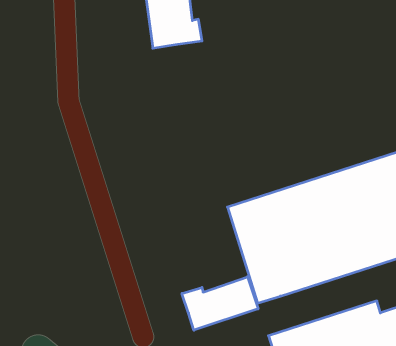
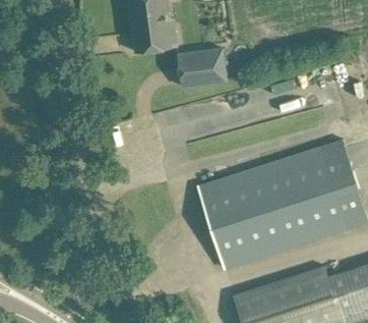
building: none -> [177,51,224,88]
building: [182,277,258,330] -> none

